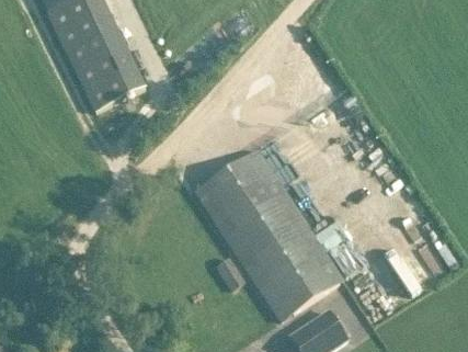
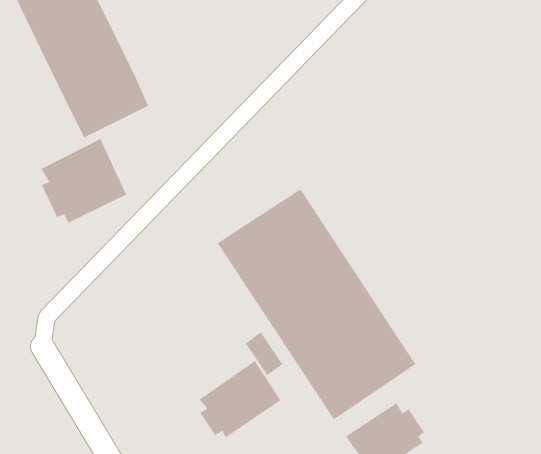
building: none -> [41,138,127,224]
building: none -> [199,360,281,438]

